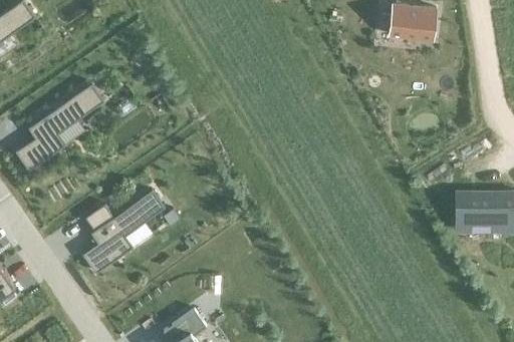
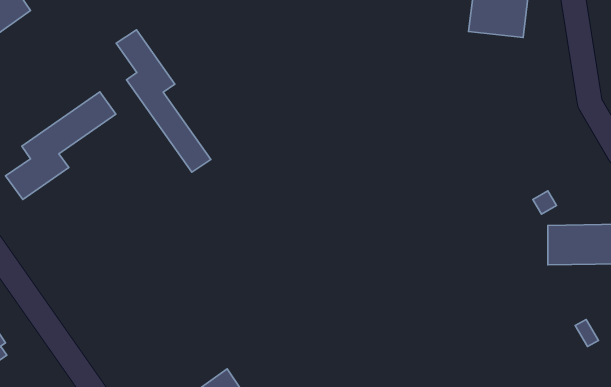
building: none -> [116,30,211,172]
building: [81,191,164,274] -> none

